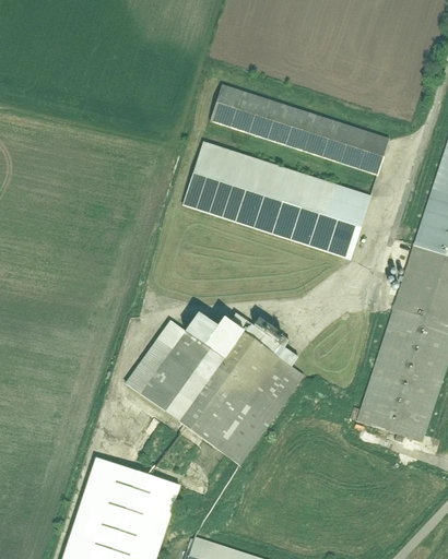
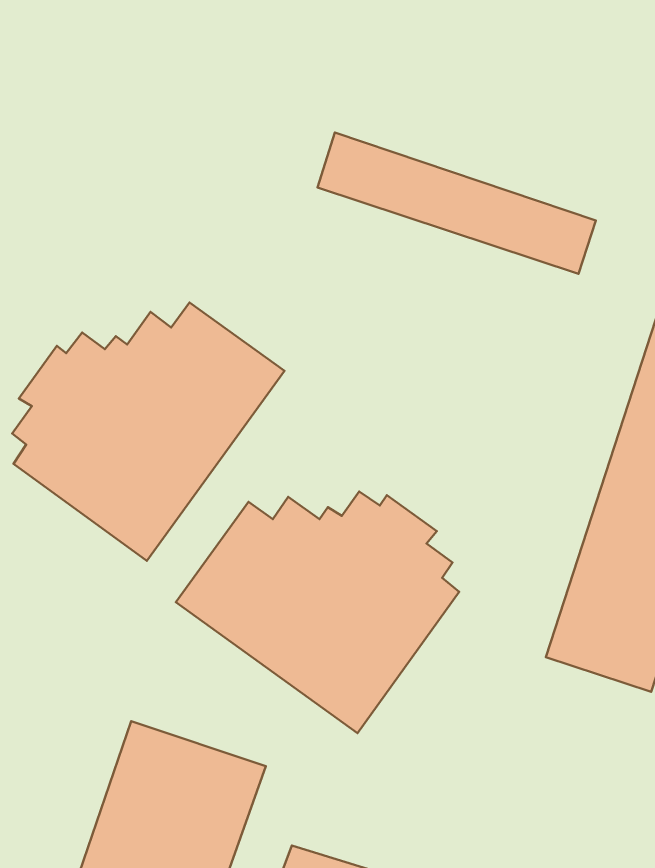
building: [185,141,373,258] -> none
building: none -> [12,302,284,561]

